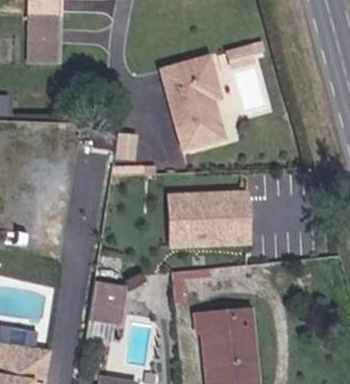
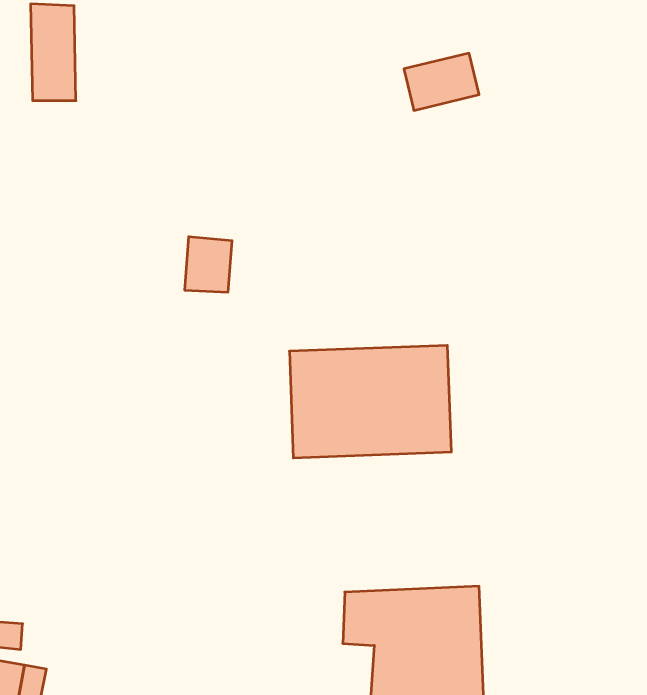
building: [164,54,235,149] -> none
building: [86,280,128,325] -> none

